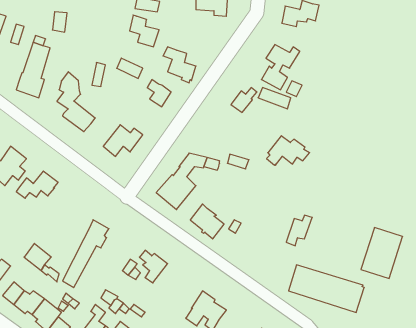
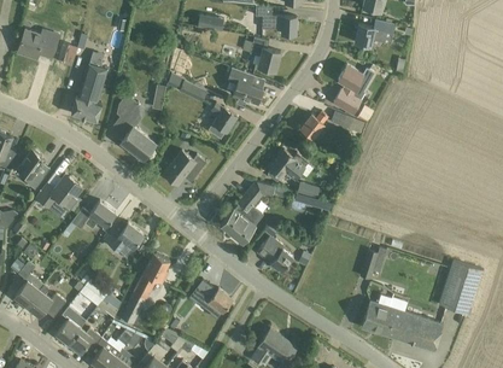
building: [130,15,159,47] -> [248,36,280,70]
building: [267,136,310,165] -> [267,150,312,181]
building: none -> [104,222,142,256]

